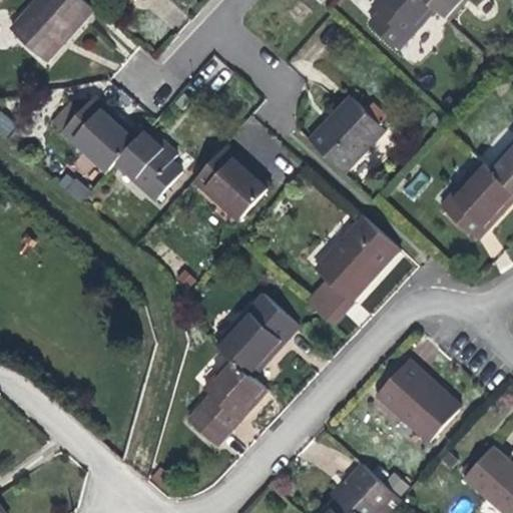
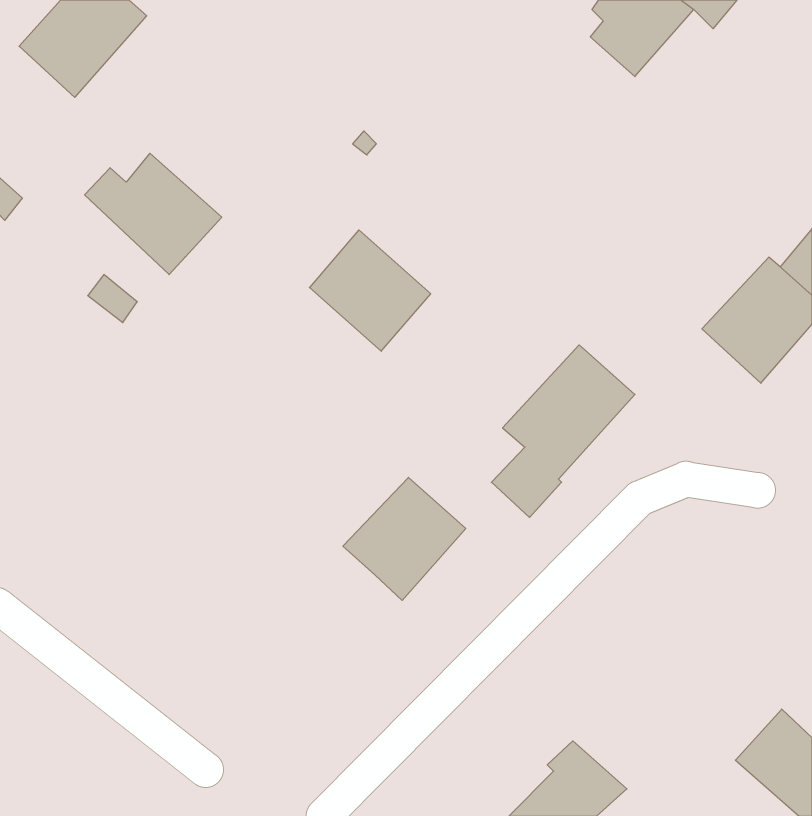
building: [309,96,385,172] -> none
building: [116,126,180,197] -> none
building: [376,359,461,442] -> none
building: [187,361,267,446] -> none

